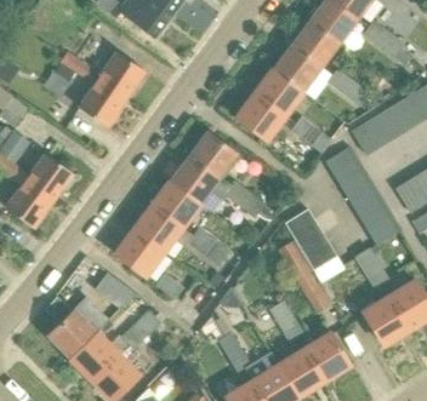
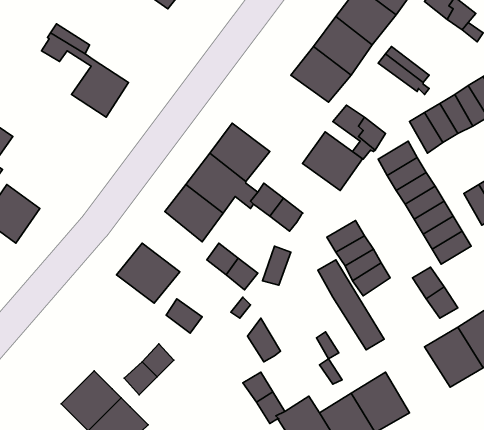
building: [97,52,144,98] -> none
building: [238,92,286,139] -> [303,132,363,190]
building: [27,154,73,200] -> none
building: [136,202,184,251] -> none
building: [95,271,136,309] -> none
building: [47,296,109,357] -> none

